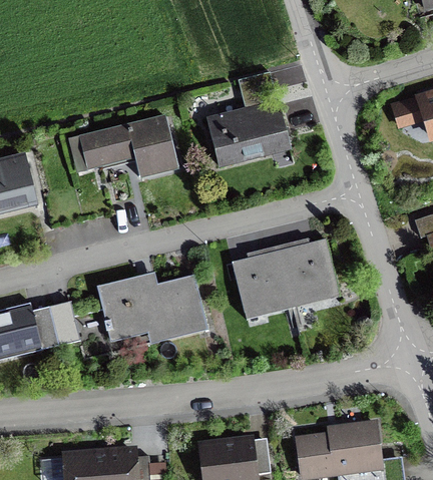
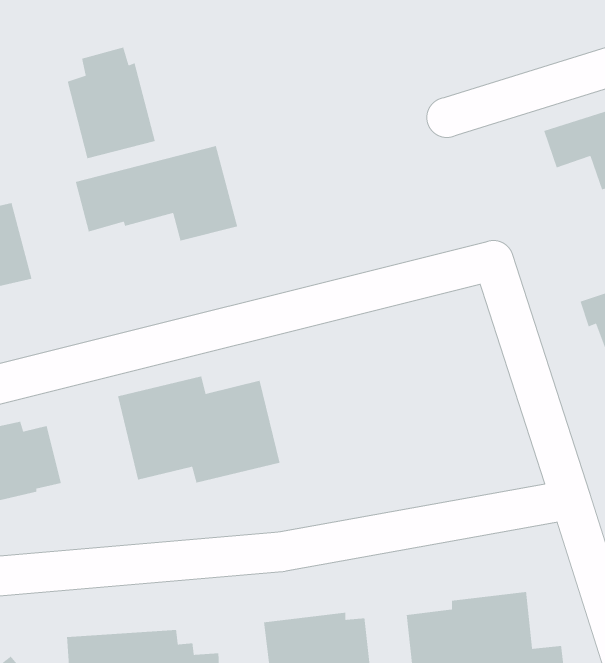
building: none -> [67,47,156,159]
building: [206,70,293,166] -> none
building: [233,237,338,311] -> none
building: [49,300,80,345] -> none

